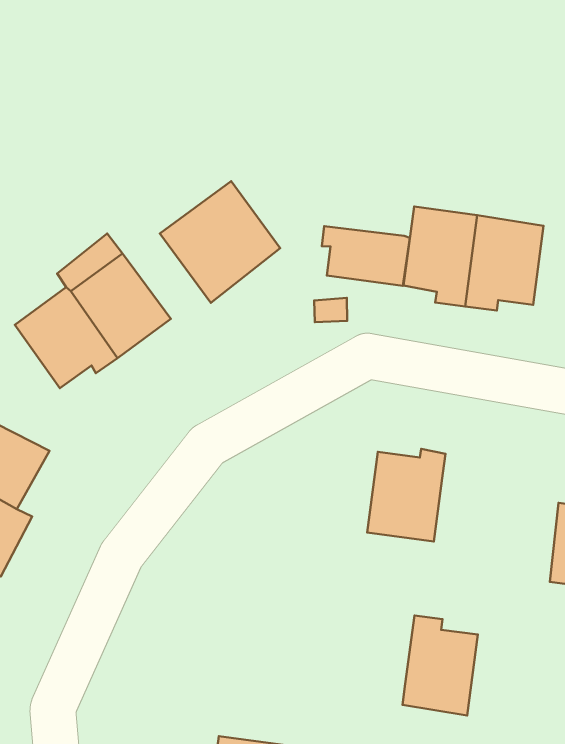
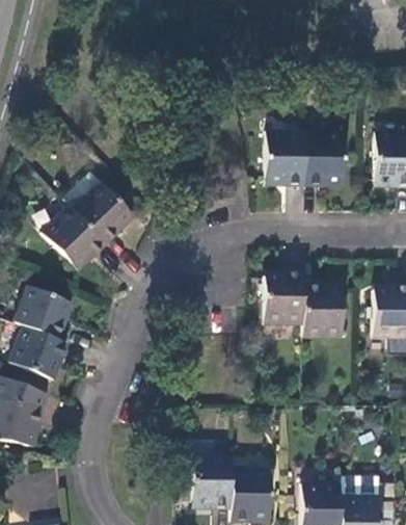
building: [160,181,280,303] -> none
building: [322,226,410,286] -> none
building: [402,615,478,715] -> [303,285,342,339]

